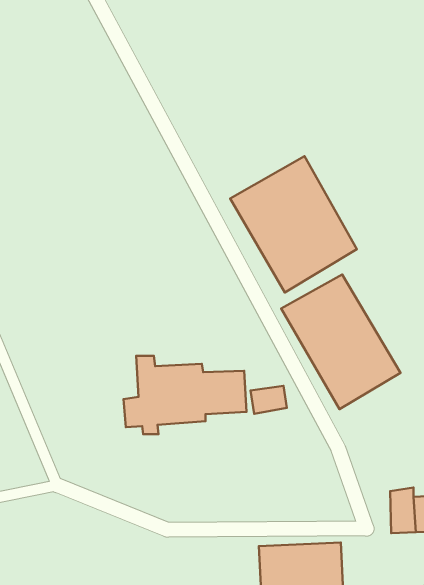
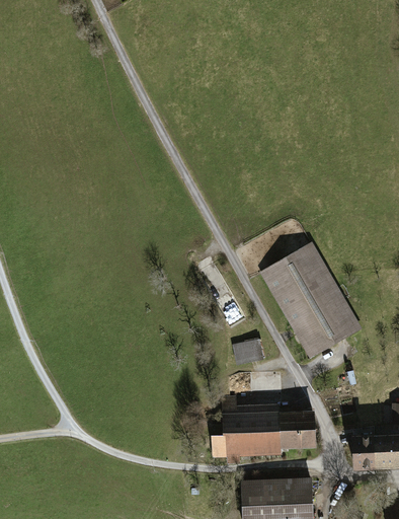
building: [230,156,357,292] -> none
building: [123,356,246,434] -> [210,396,316,464]

